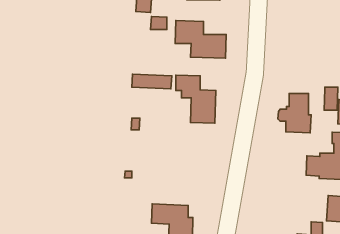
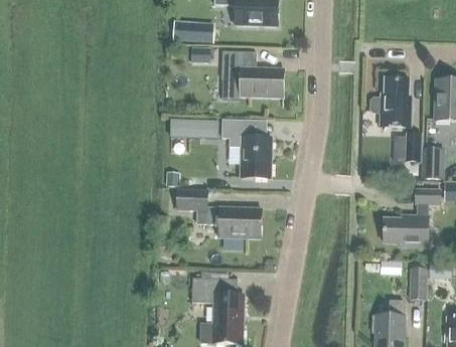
building: [278,94,311,133] -> [370,77,412,126]
building: none -> [175,187,262,237]

